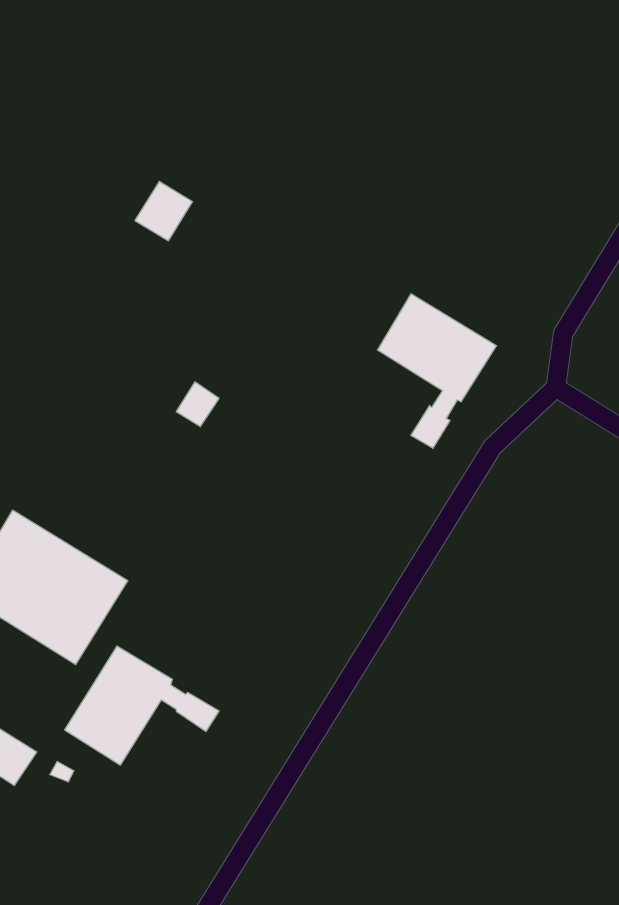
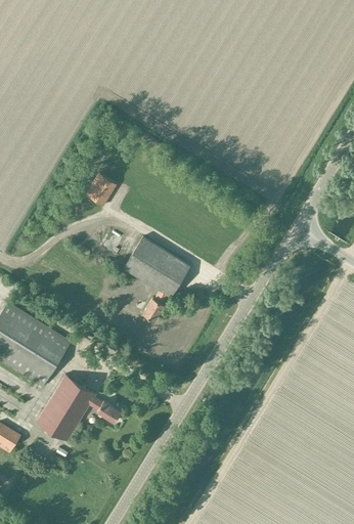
building: [135,181,193,241] -> [85,173,117,206]
building: [377,294,497,448] -> [124,236,189,321]

